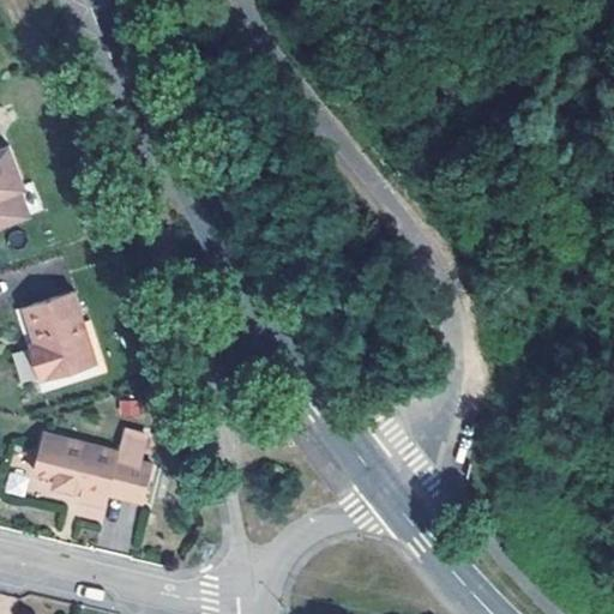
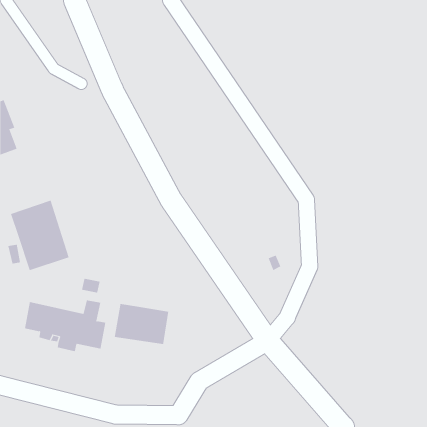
building: none -> [114,303,169,345]

